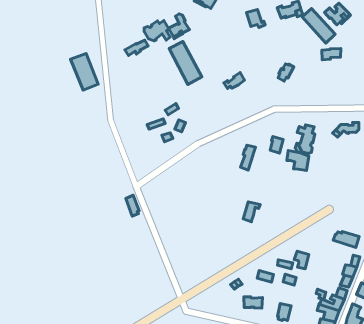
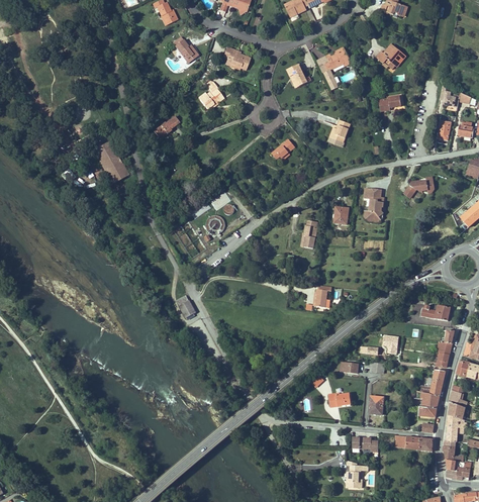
building: [302,9,335,43] -> none
building: [144,20,170,41] -> none
building: [169,41,202,85] -> none
building: [287,150,309,170] -> none

